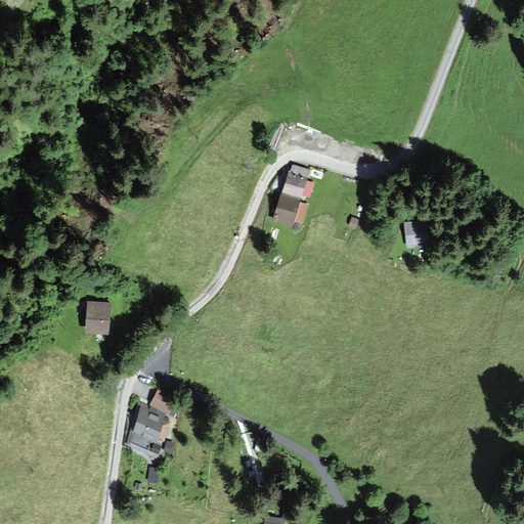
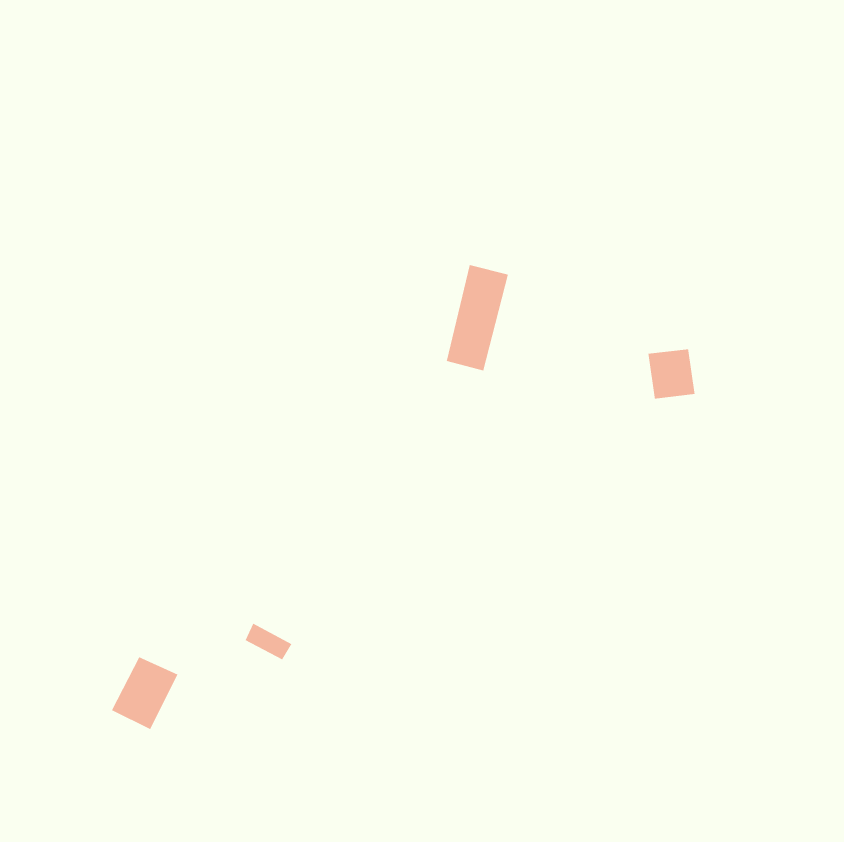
building: [86,299,105,336] -> none
building: [126,406,168,452] -> [111,656,179,730]

